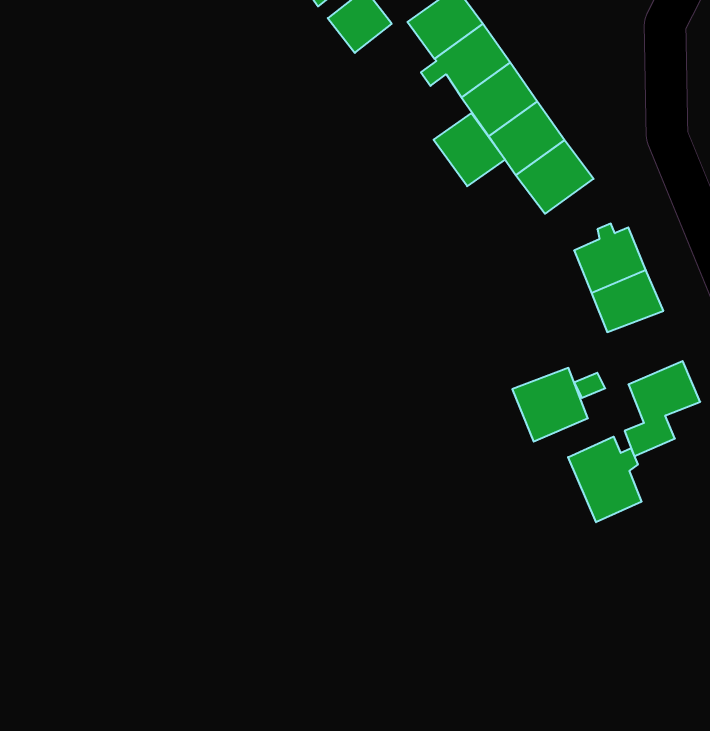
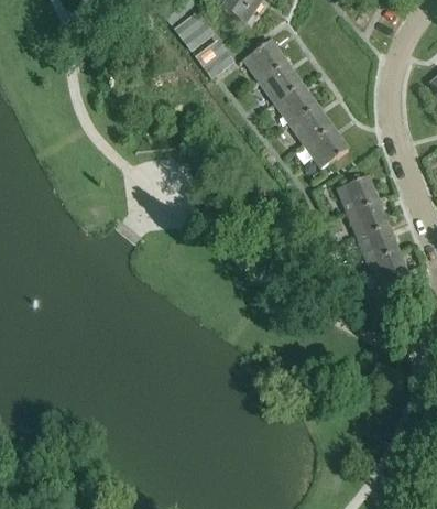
building: [434,113,505,186] -> none
building: [512,368,588,442] -> [356,224,398,266]
building: [568,437,642,522] -> none

